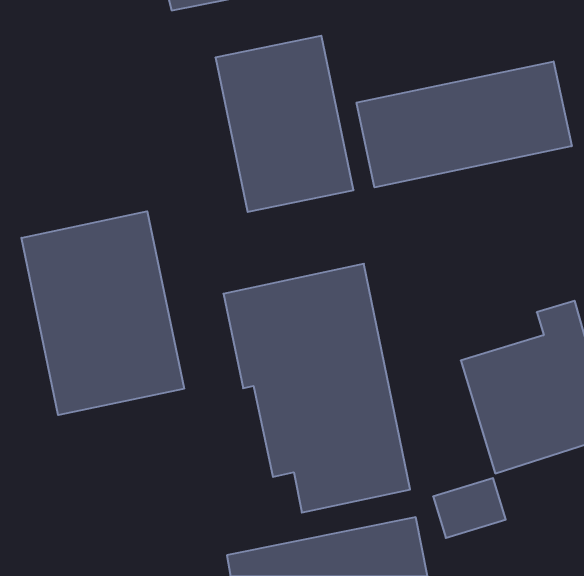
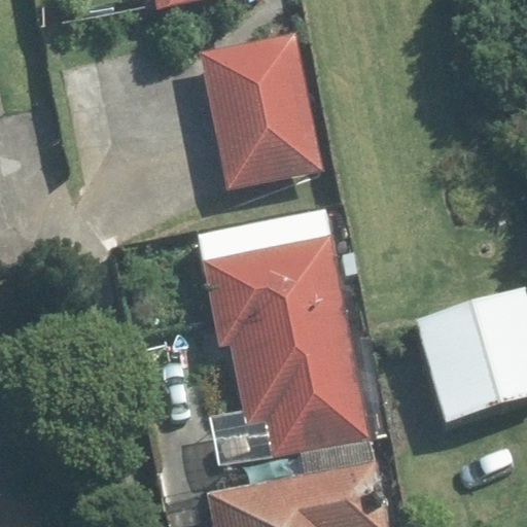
building: [357,61,572,187] -> none
building: [21,211,184,415] -> none

